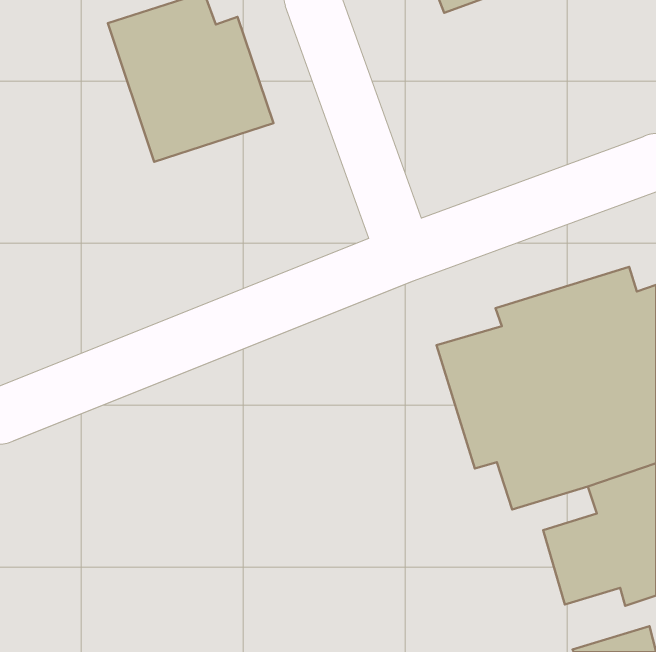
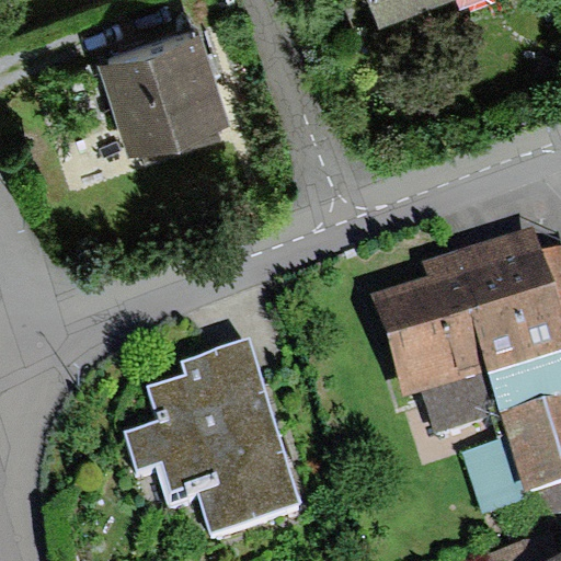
building: none -> [124,342,304,536]

